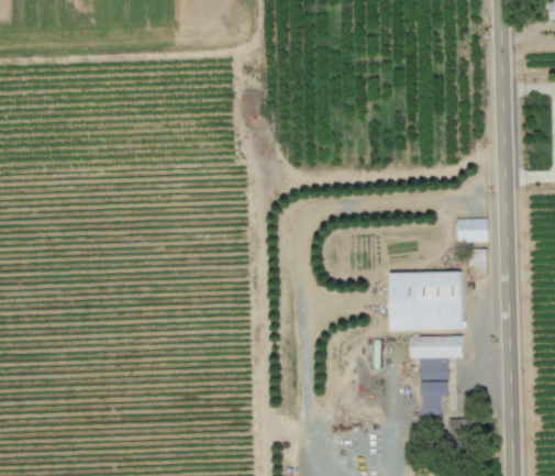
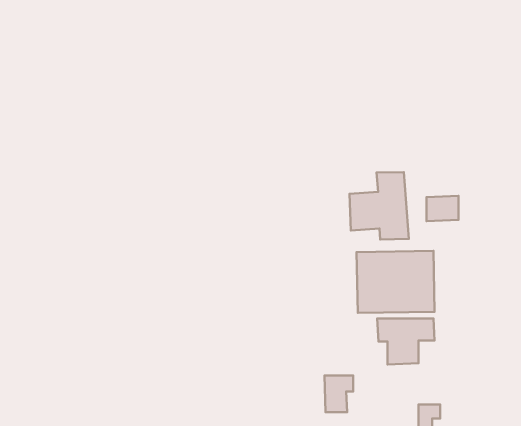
building: none -> [350,172,409,239]
building: [420,381,447,417] -> [324,376,353,412]

